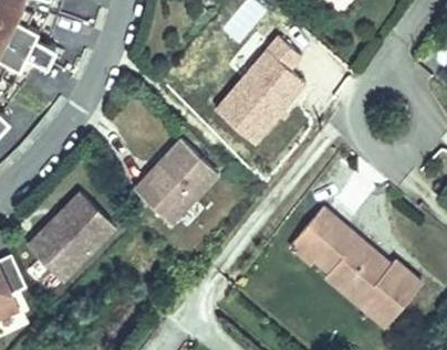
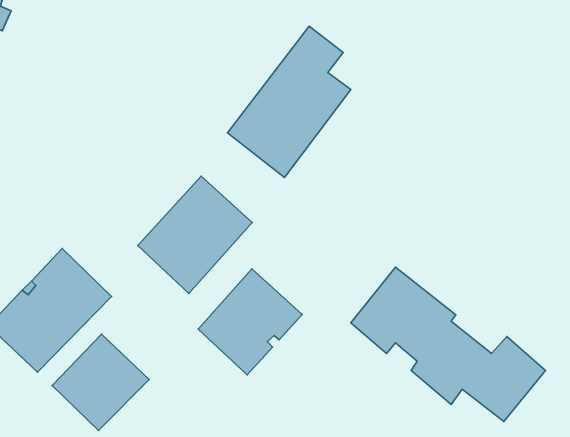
building: none -> [198,269,302,375]
building: none -> [52,334,149,430]

